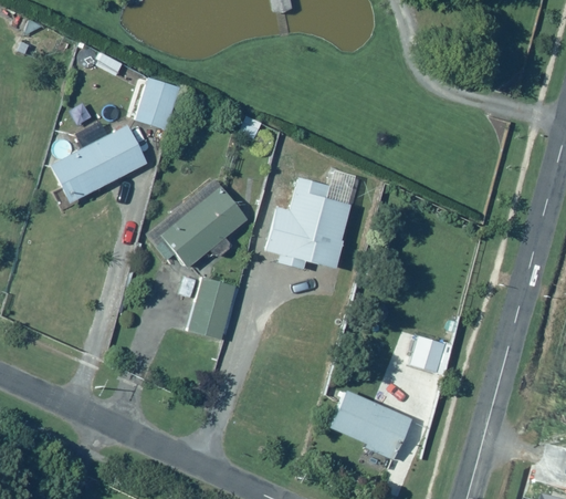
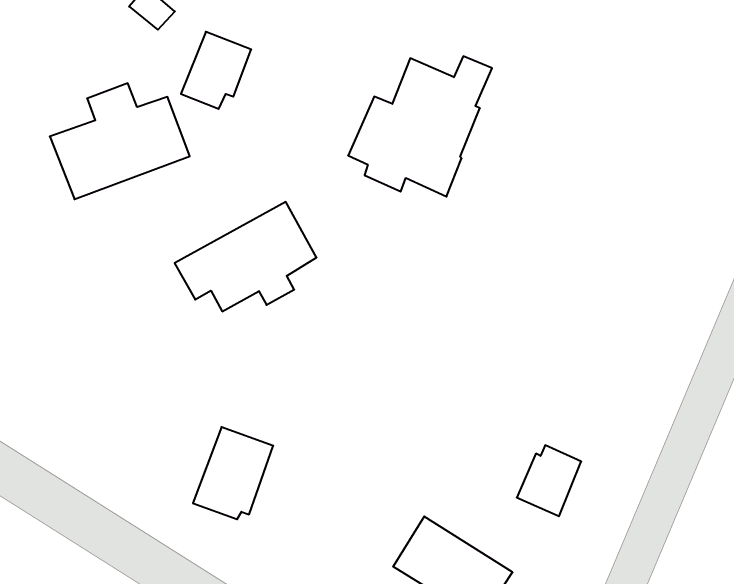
building: [266,170,357,270] -> [348,56,492,197]
building: [189,278,239,340] -> [193,427,273,519]

